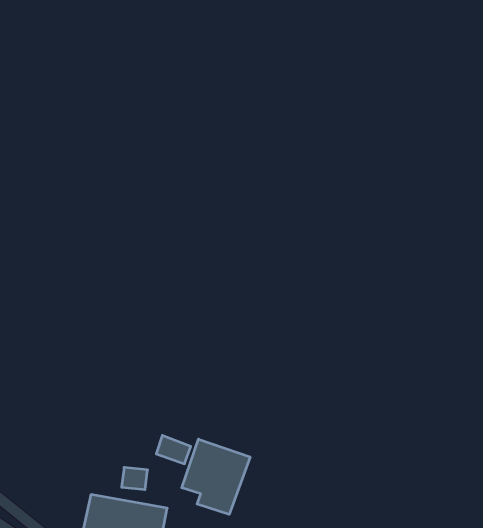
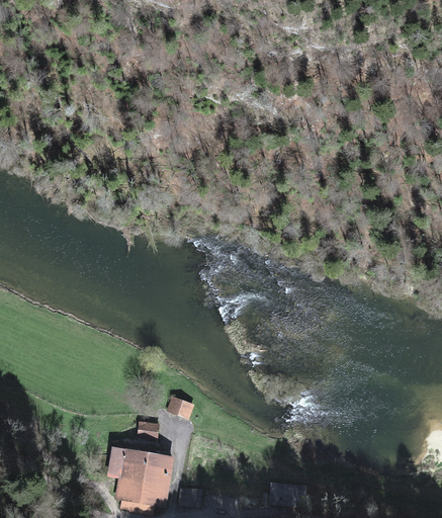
building: [182,439,250,514] -> none

